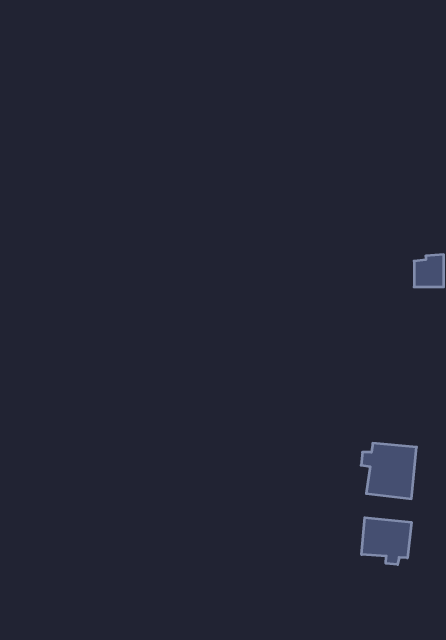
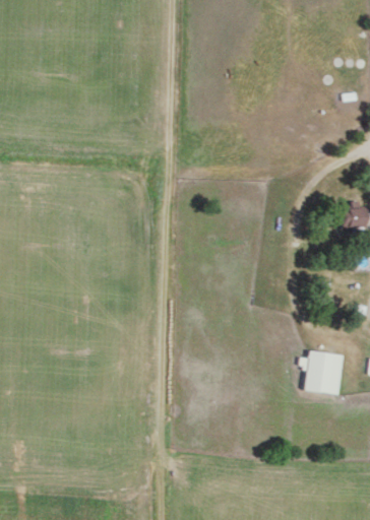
building: [362,518,411,565] -> none

